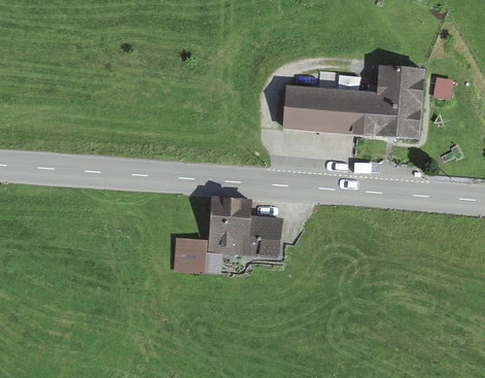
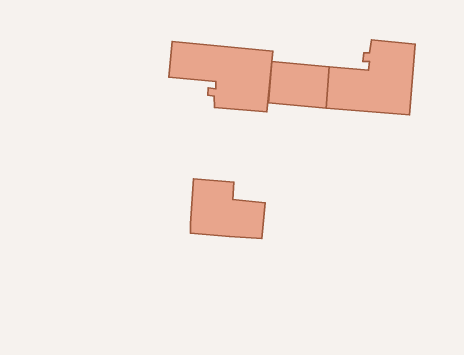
building: none -> [169,42,273,112]
building: [179,238,209,273] -> none

